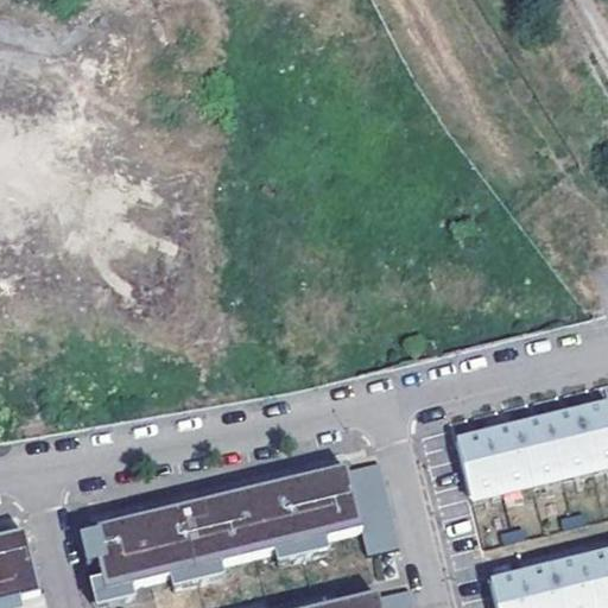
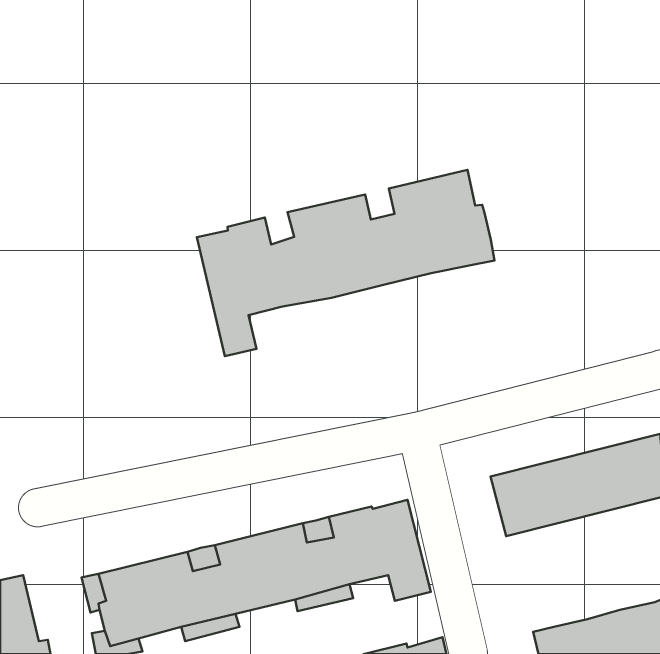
building: none -> [197,170,495,356]

